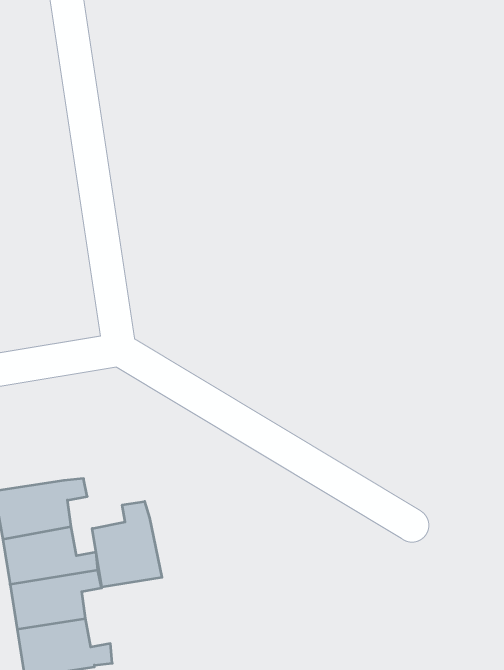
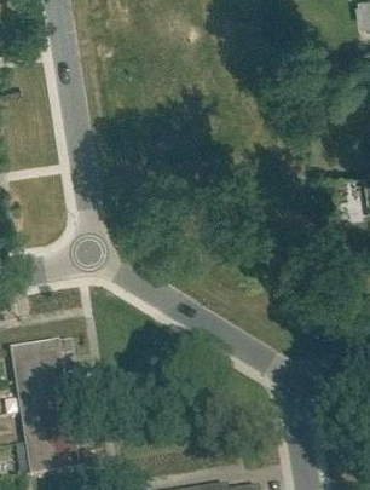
building: [92,501,162,587] -> none

